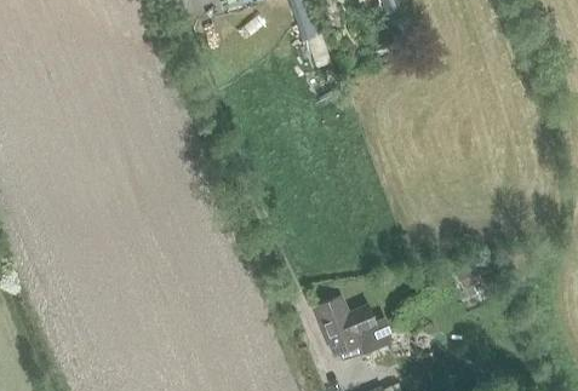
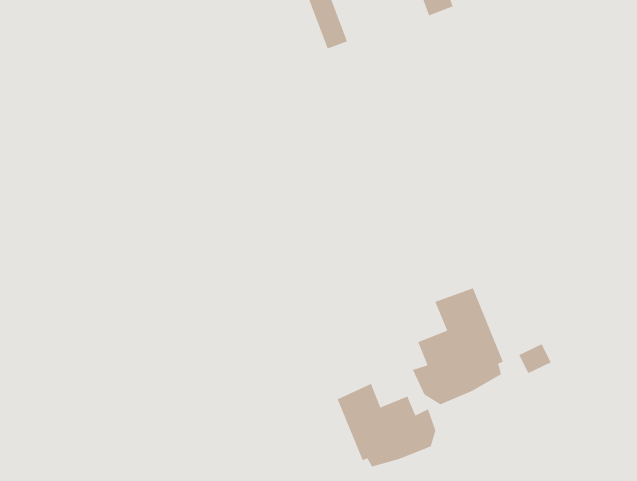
building: none -> [412,288,504,405]

